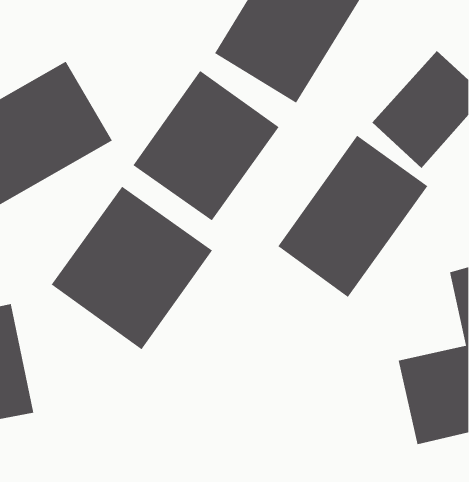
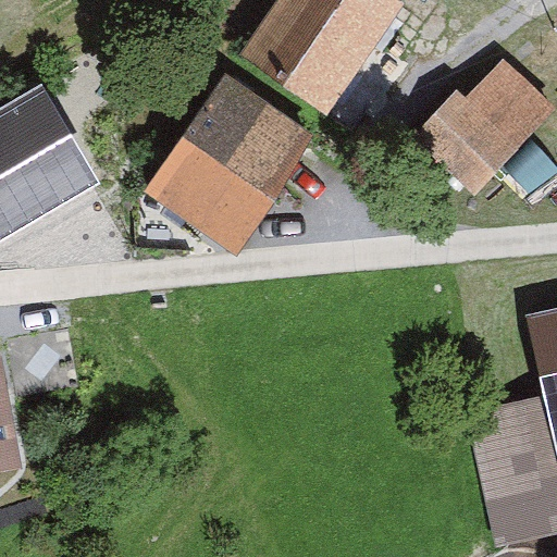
building: [278,135,428,298] -> none
building: [51,186,213,350] -> none

